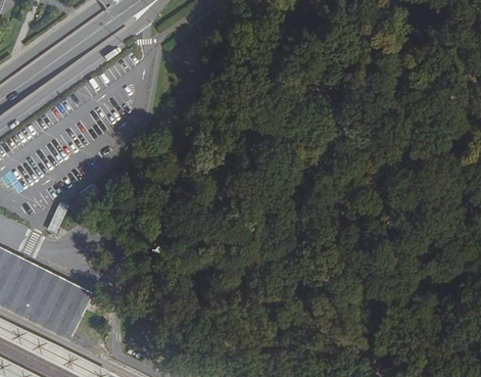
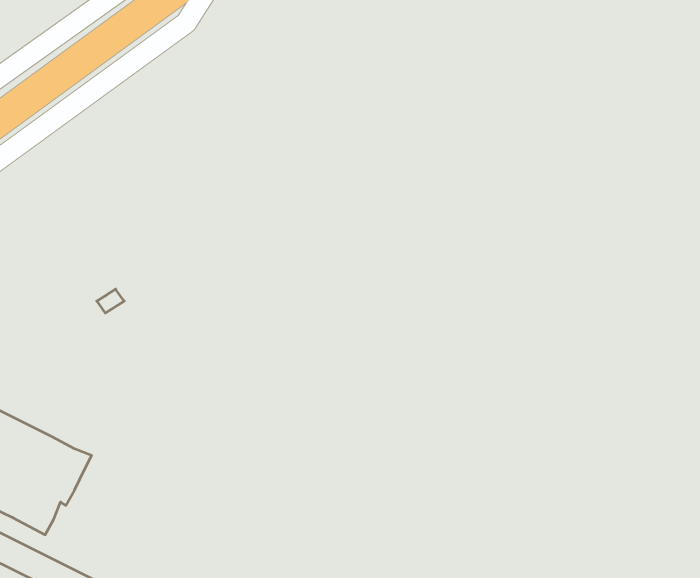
building: [51,285,92,341] -> none

